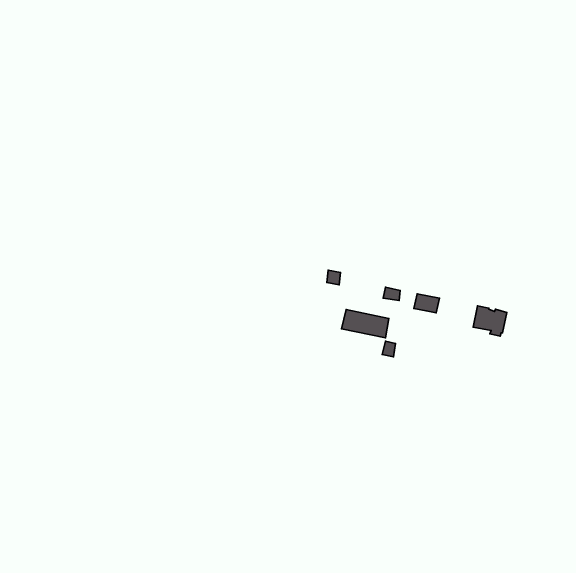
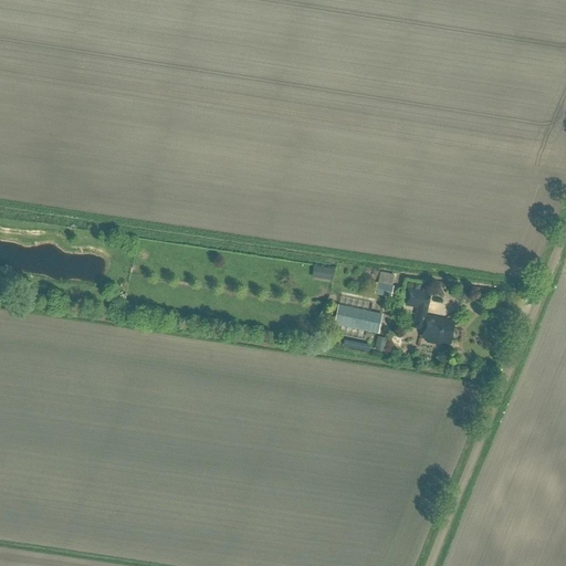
building: [473,306,507,336] -> [422,315,455,345]

